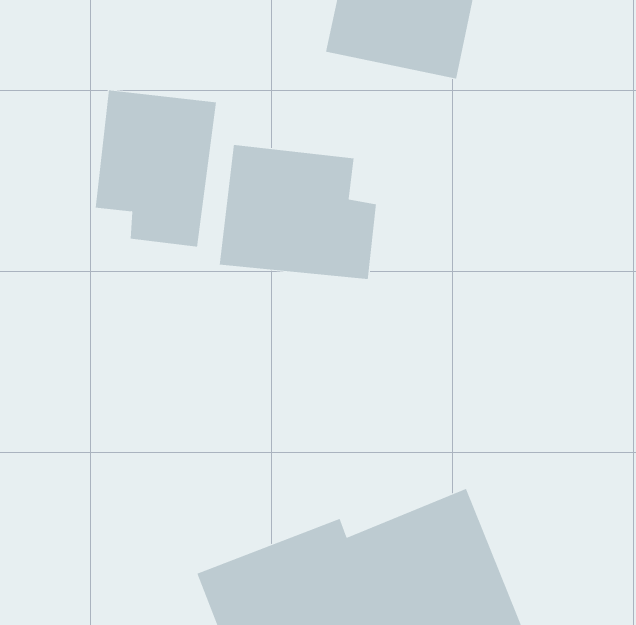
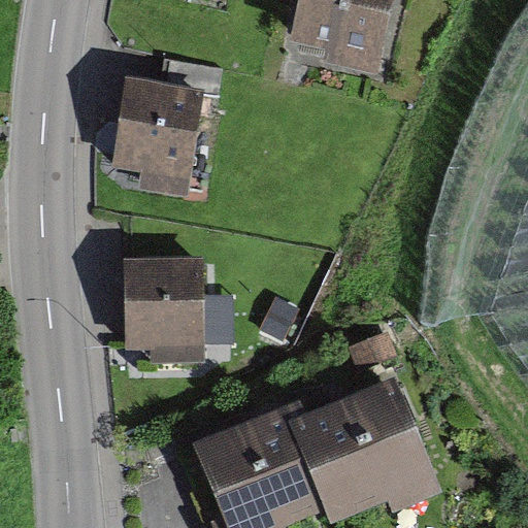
building: [219,144,377,280] -> none
building: none -> [122,273,208,381]

